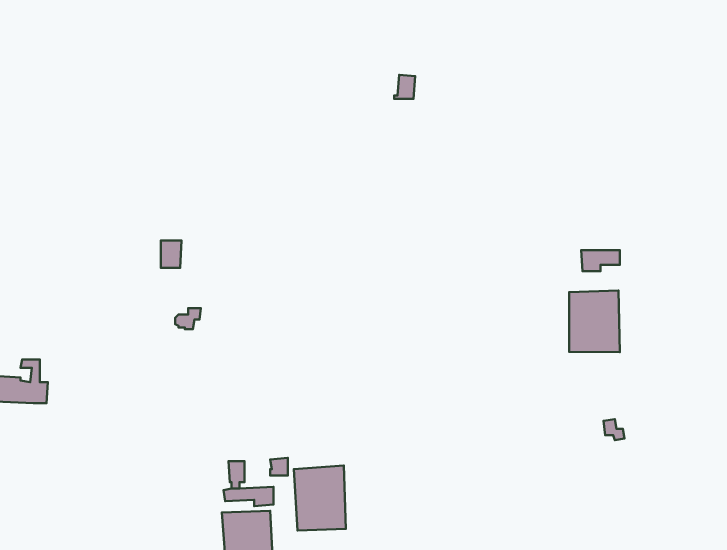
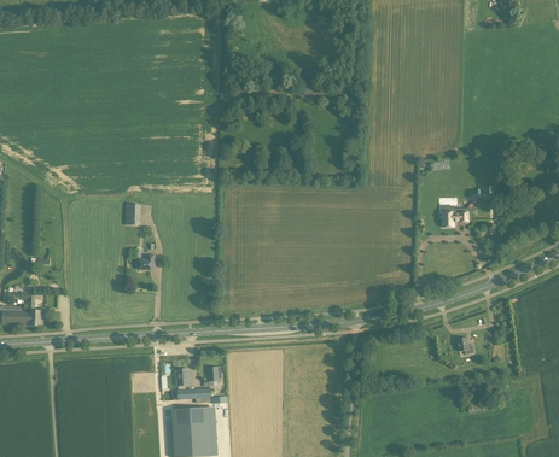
building: [569,291,620,352] -> none
building: [294,465,346,531] -> none

